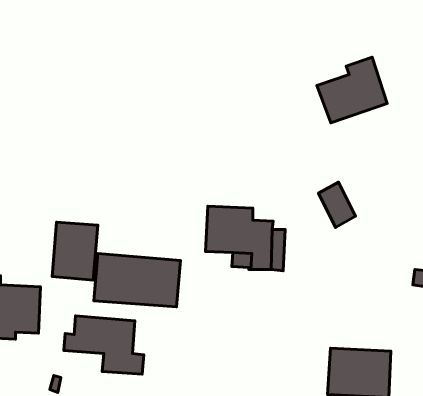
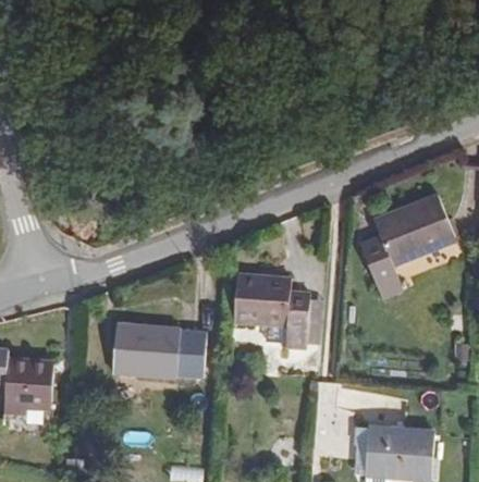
building: [317,57,387,123] -> [376,196,452,267]
building: [52,222,98,280] -> none
building: [64,316,144,374] -> none

